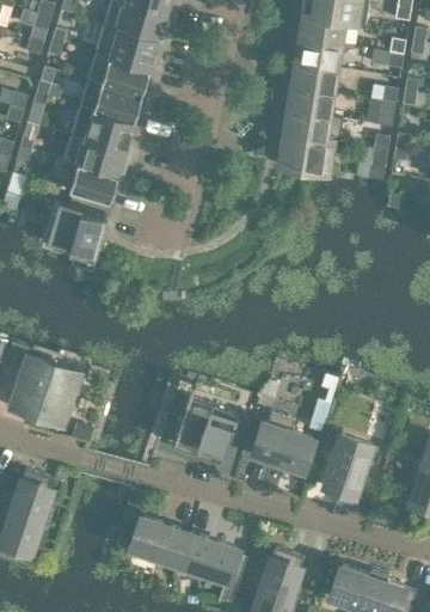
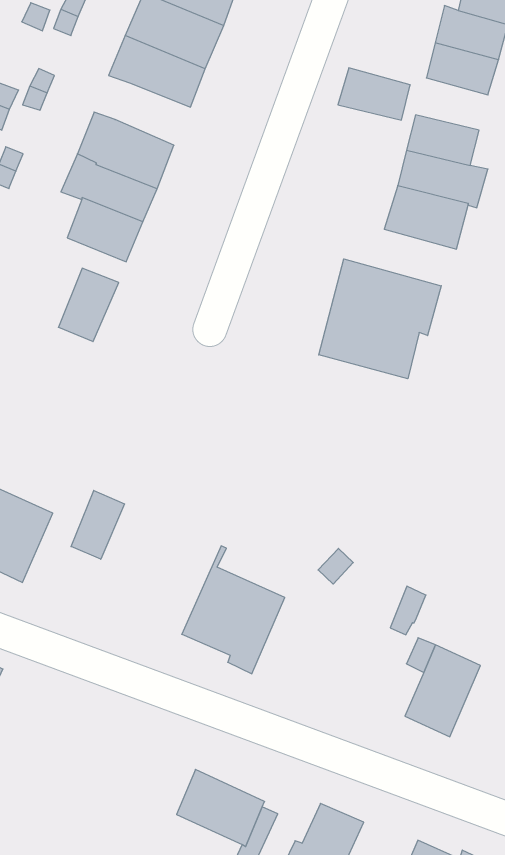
building: [291,62,338,93] -> [338,68,410,120]
building: [79,81,142,123] -> none
building: none -> [319,259,441,379]
building: [41,201,81,251] -> none
building: none -> [71,490,125,559]
building: [253,414,312,471] -> none
building: [130,519,189,565] -> none

